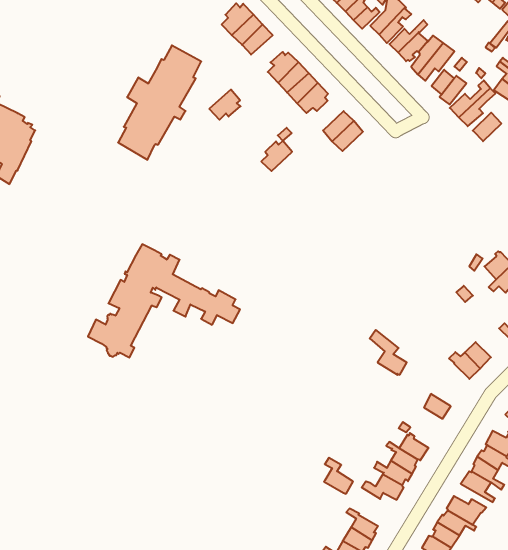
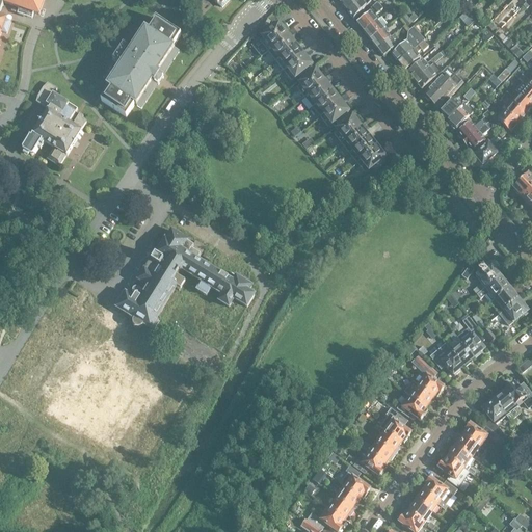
building: [118,45,201,160] -> [100,15,180,114]
building: [209,90,241,120] -> [283,52,311,78]
building: none -> [356,144,384,170]
building: [261,141,292,171] -> [332,114,361,140]
building: none -> [456,314,483,354]
building: [370,330,407,375] -> [411,353,443,395]
building: none -> [395,394,427,418]
building: [324,458,353,494] -> [343,463,369,497]

